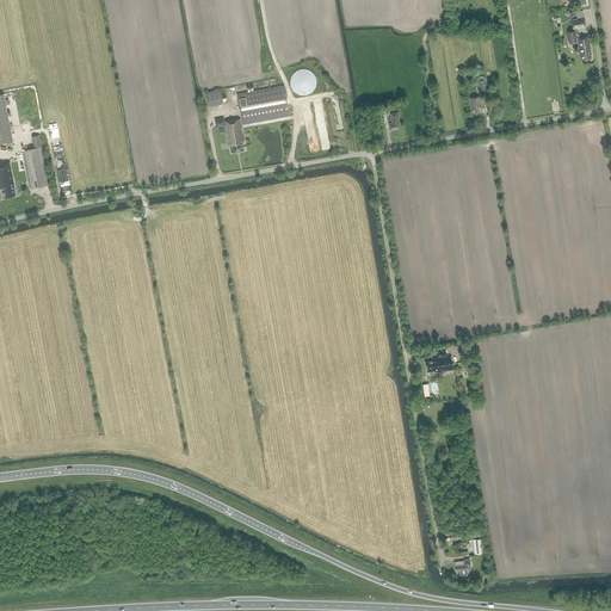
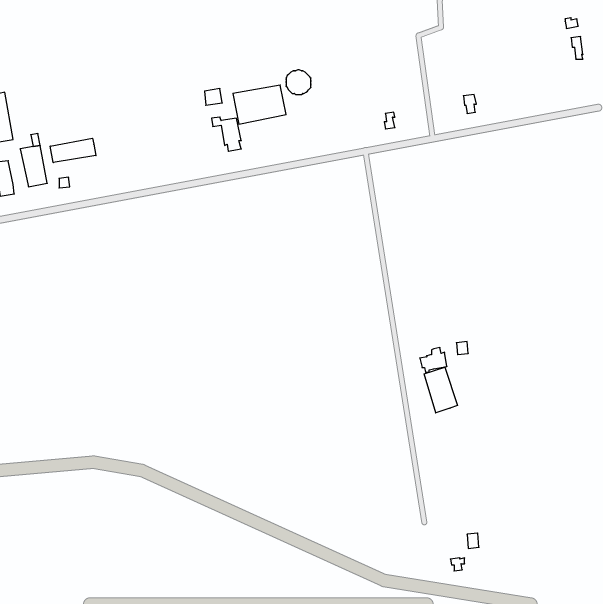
building: none -> [50,138,96,163]
building: none -> [424,367,458,413]

